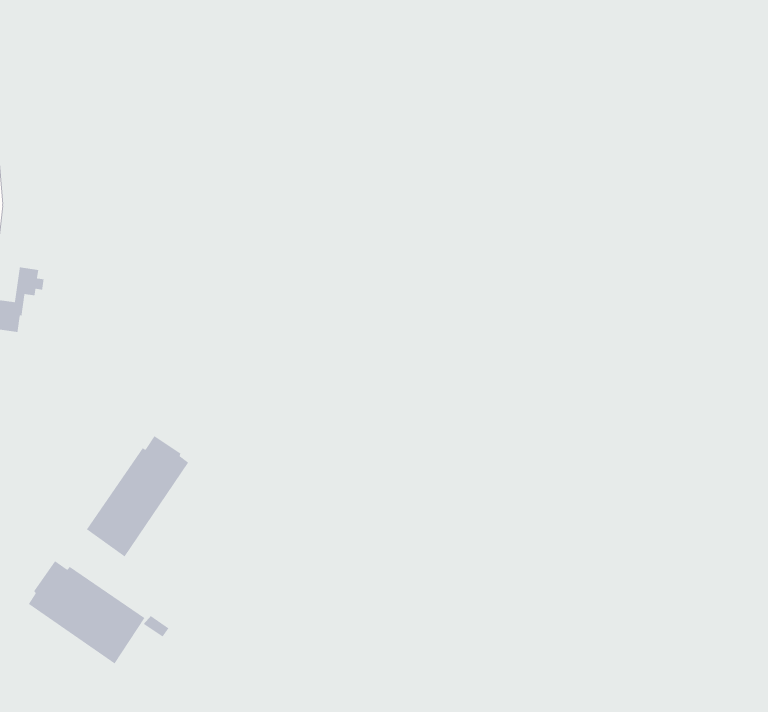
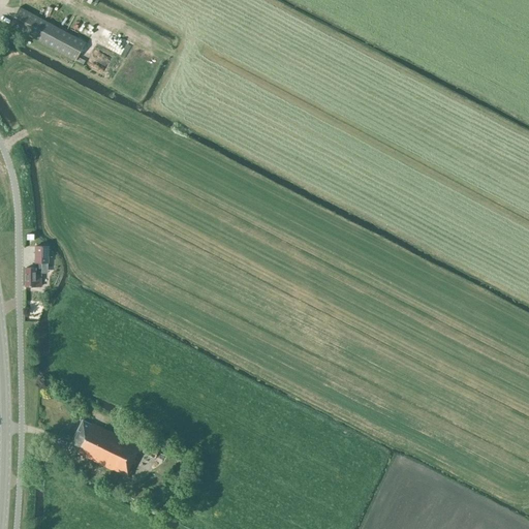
building: [86,435,189,558] -> none

